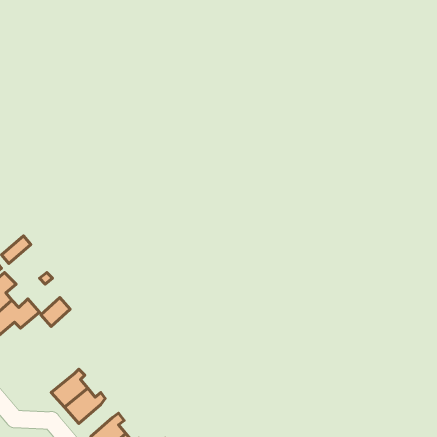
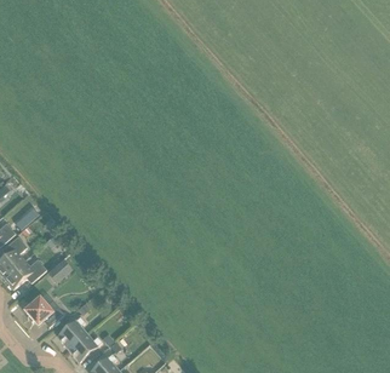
building: none -> [27,295,64,326]

